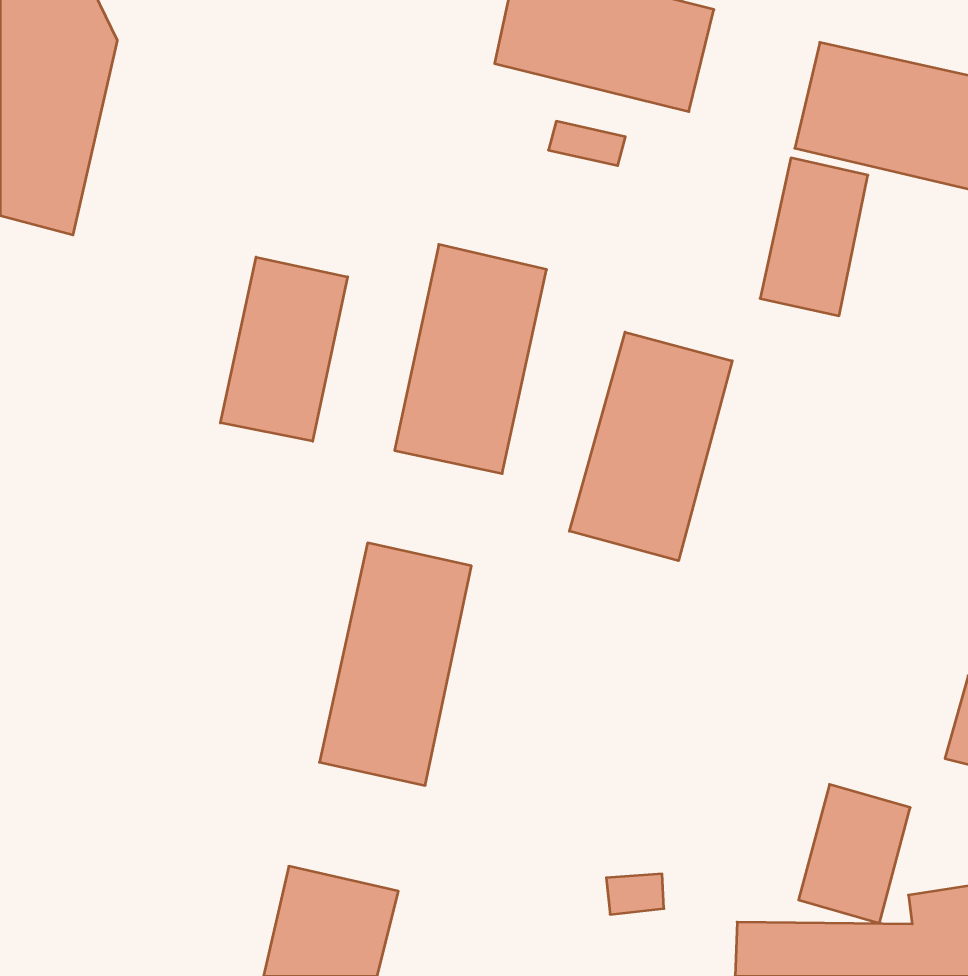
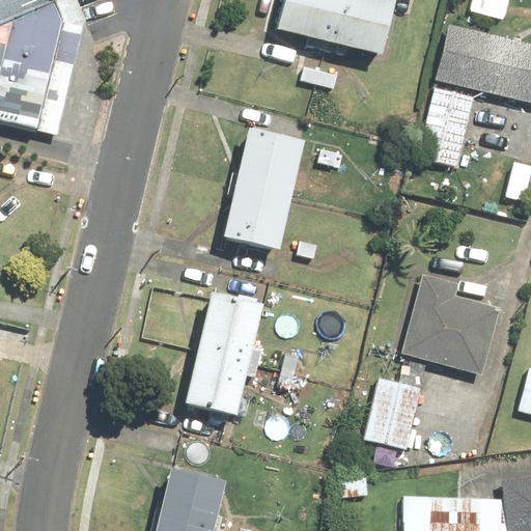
building: [220,257,348,441] -> none
building: [569,332,732,561] -> none
building: none -> [401,273,501,374]
building: [799,784,910,923] -> [365,375,425,450]

